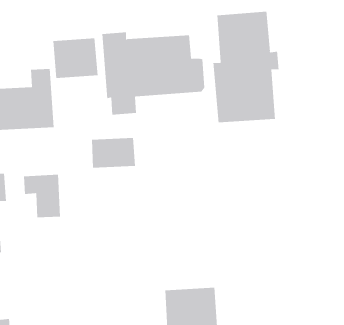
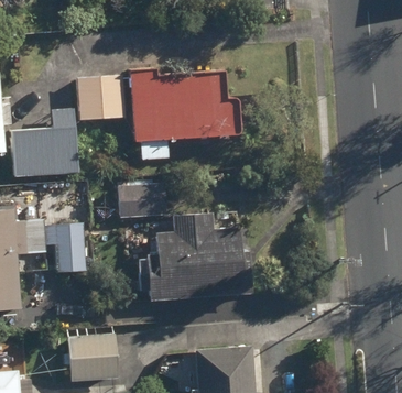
building: [213,11,279,123] -> none
building: none -> [137,212,252,301]
building: none -> [68,334,118,382]

